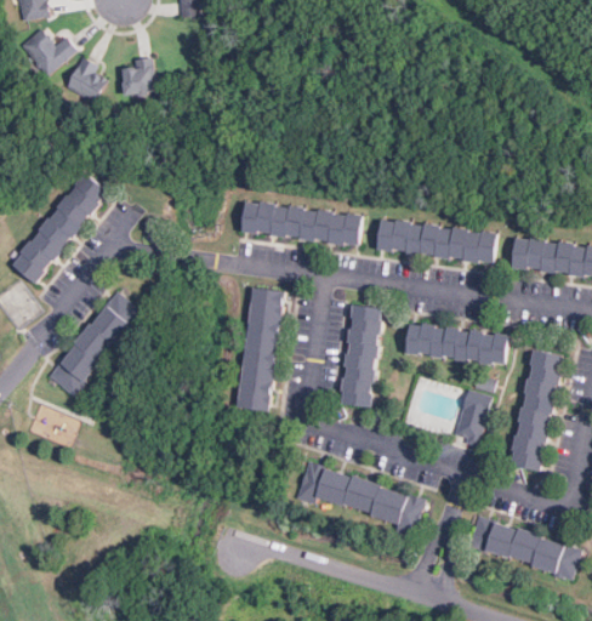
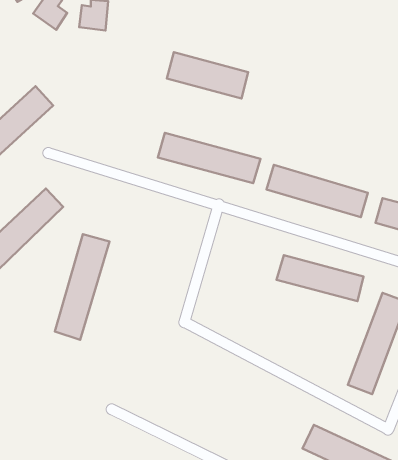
building: none -> [167,52,248,99]
building: [238,287,285,412] -> [55,234,109,340]
building: [341,304,381,408] -> none
building: [452,389,493,445] -> none
building: [296,465,425,529] -> none

